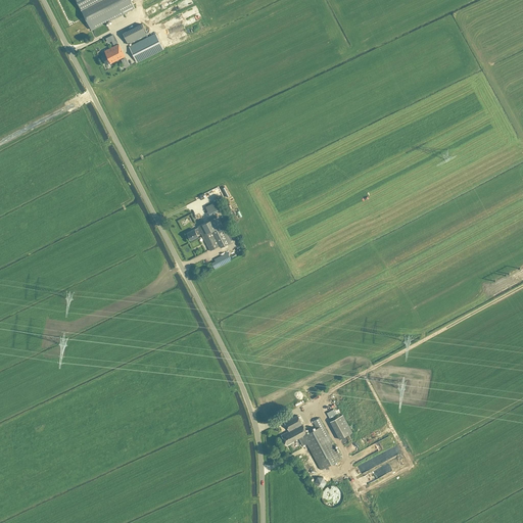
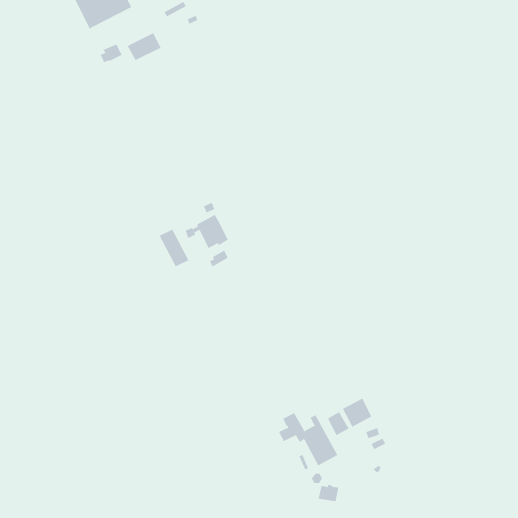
building: none -> [159,229,189,267]
building: none -> [342,398,372,428]

